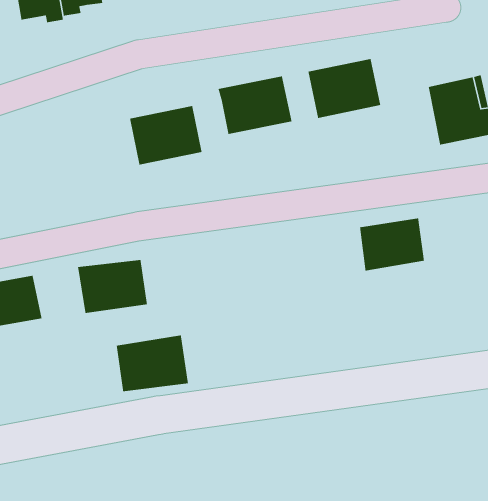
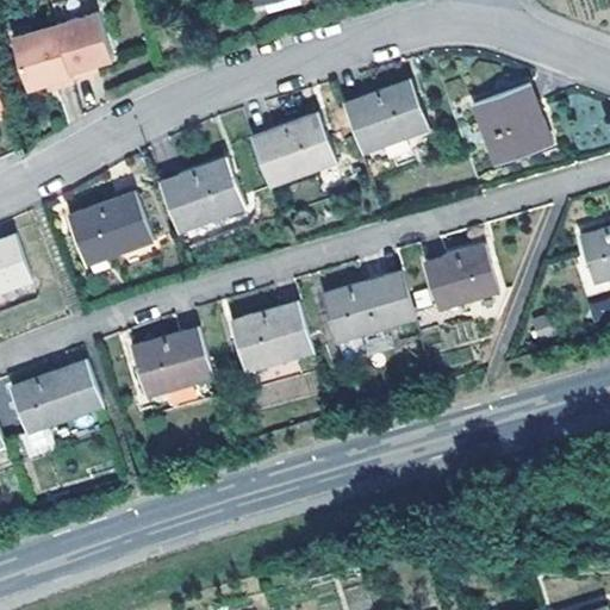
building: none -> [69,191,152,263]
building: none -> [320,272,412,342]
building: [116,334,189,392] -> [228,301,311,372]

